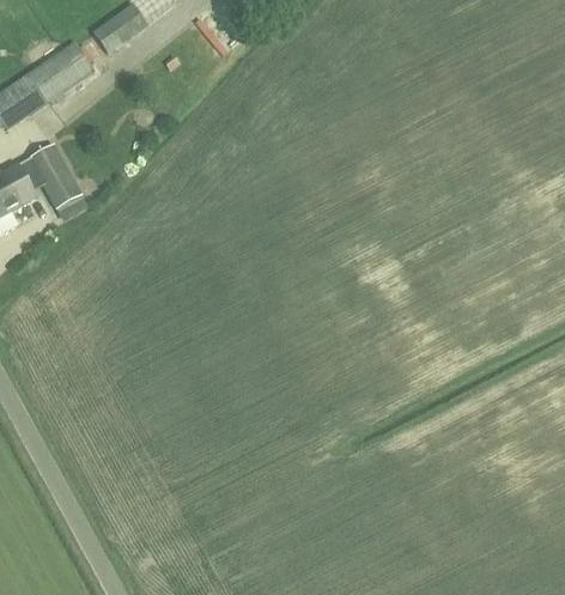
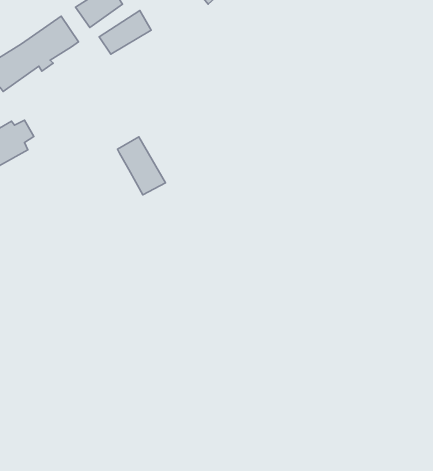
building: none -> [99,11,151,54]
building: [29,142,85,211] -> [118,137,165,195]

